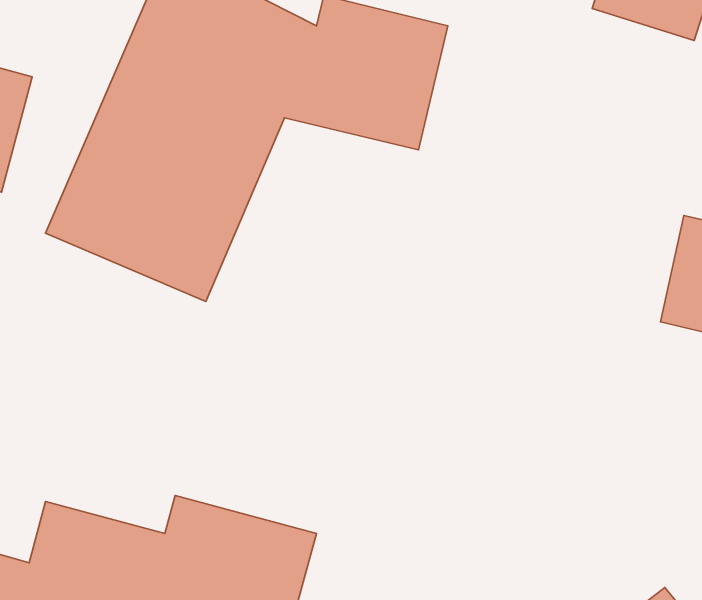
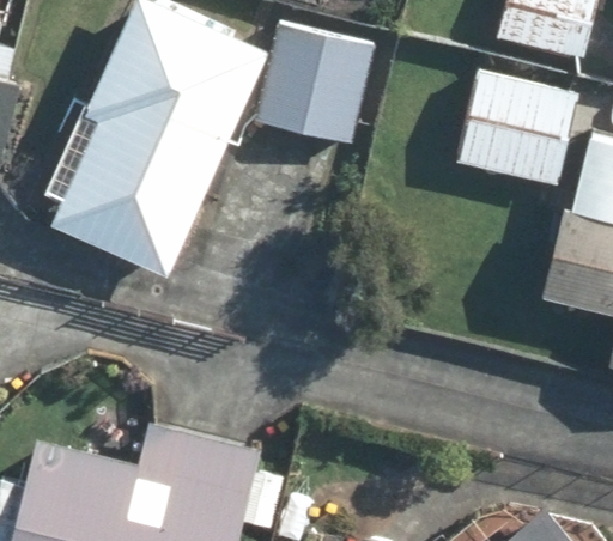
building: none -> [448,72,572,183]

